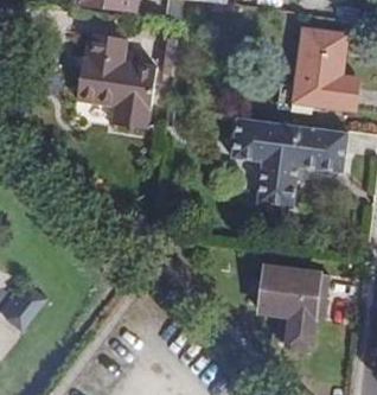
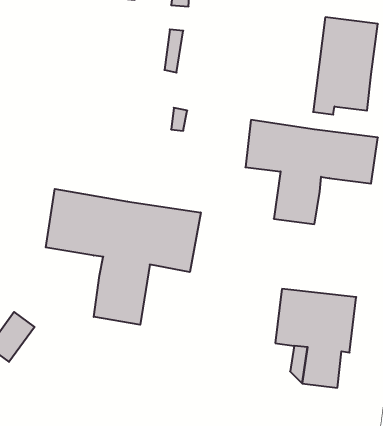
building: [75,33,156,129] -> none
building: none -> [46,189,201,325]

